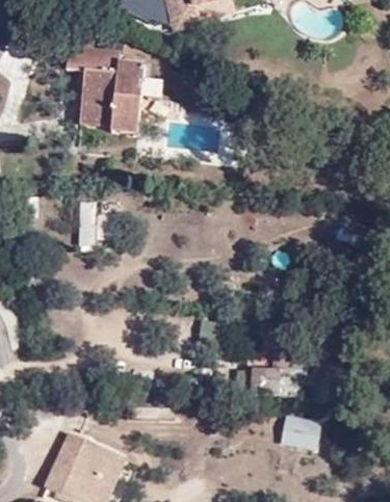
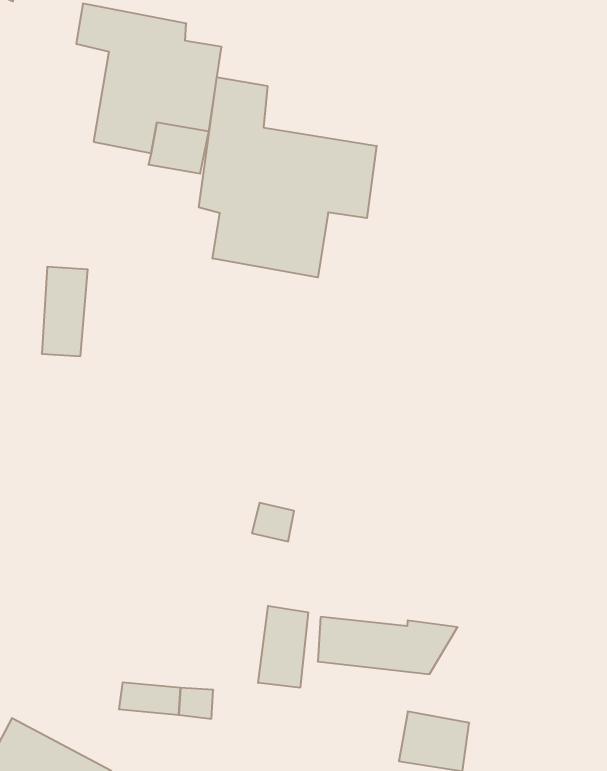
building: none -> [199,77,377,277]
building: none -> [258,606,308,688]

